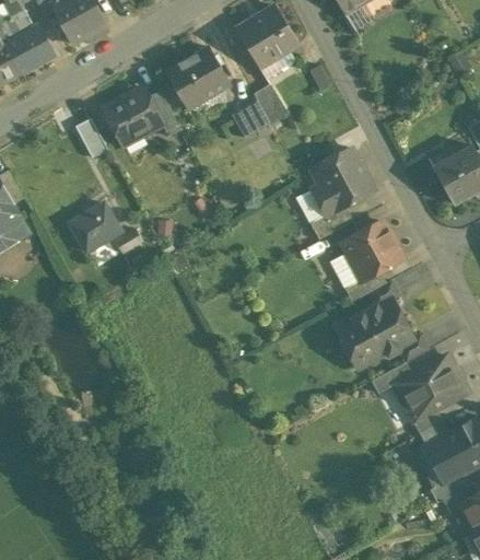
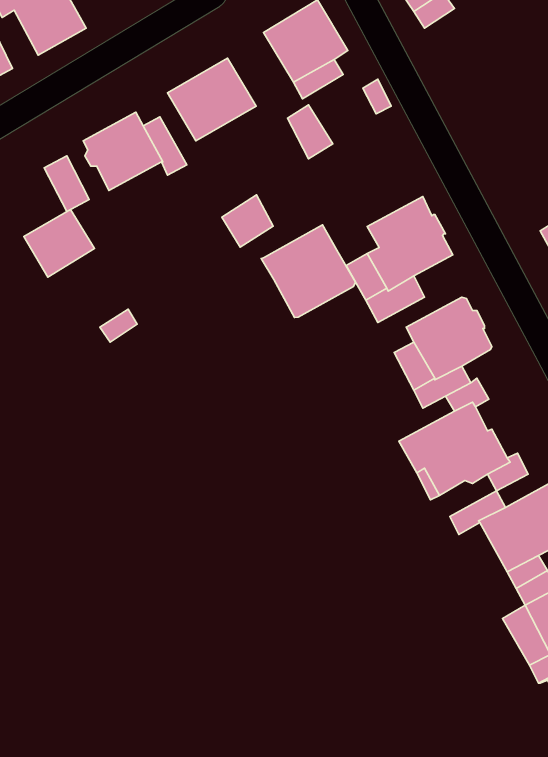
building: [232,97,269,136] -> [222,195,273,247]
building: none -> [261,225,356,317]
building: [71,203,122,253] -> [24,209,94,277]

